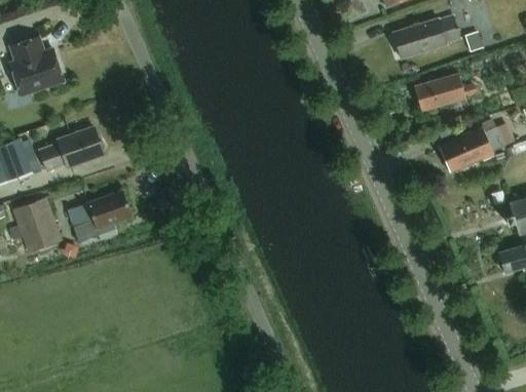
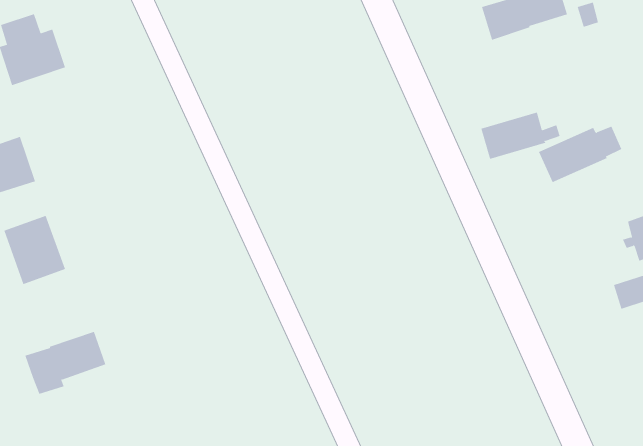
building: [413,73,477,111] -> [480,112,561,160]
building: [40,126,103,169] -> none
building: [67,190,132,240] -> [25,331,106,394]

